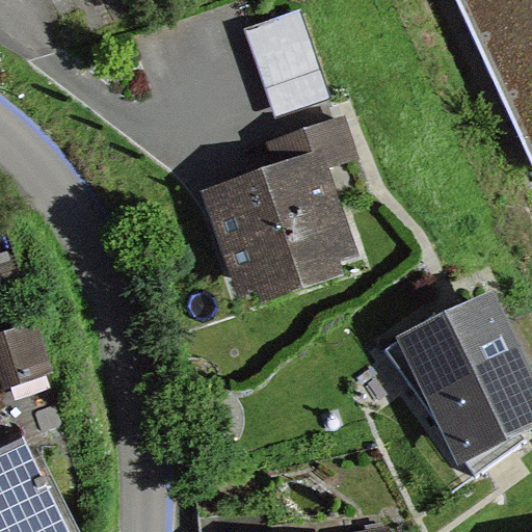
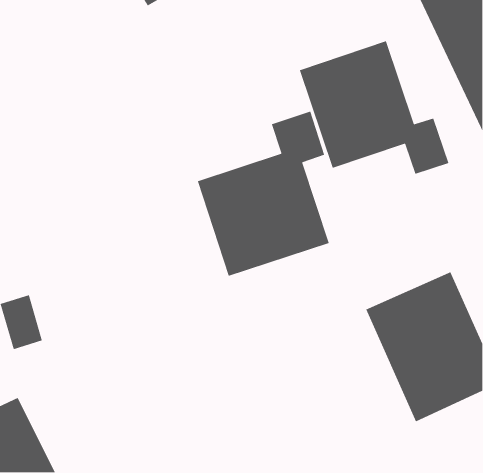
building: [246,9,327,110] -> none
building: none -> [299,40,449,175]

